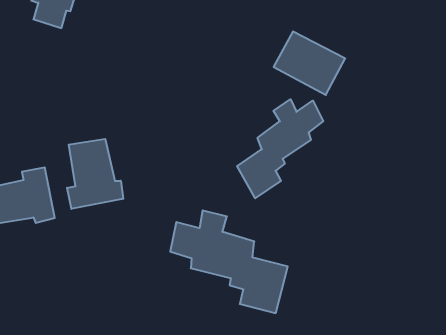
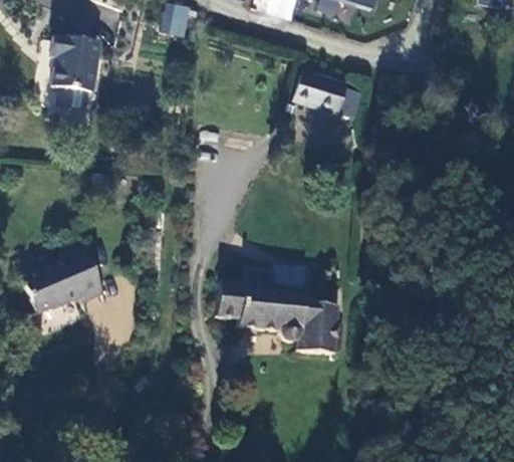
building: [237,99,323,198] -> none
building: [67,139,123,209] -> none

